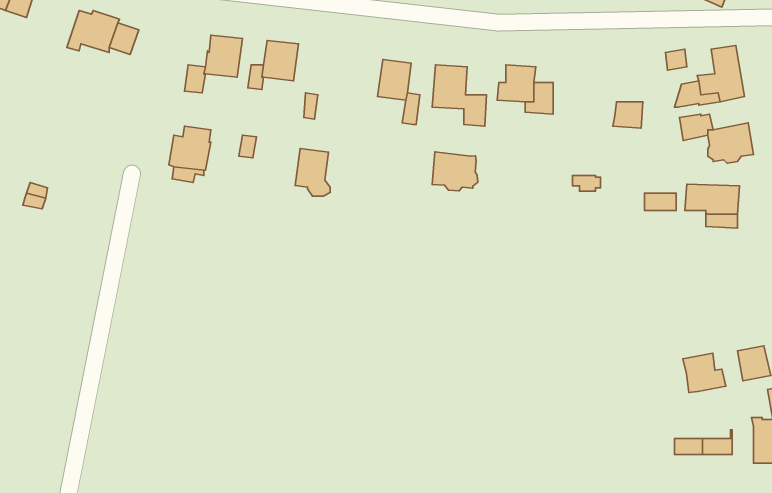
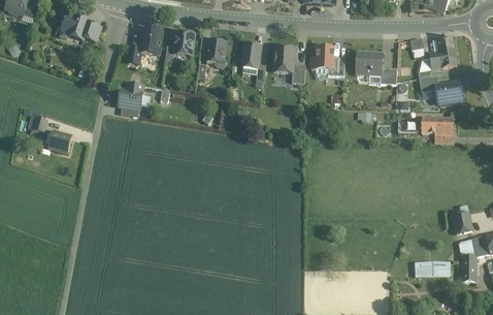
building: none -> [357,54,381,77]
building: [295,149,330,196] -> [205,40,226,68]
building: [432,152,478,191] -> none
building: none -> [47,131,72,154]
building: [683,353,726,393] -> none

